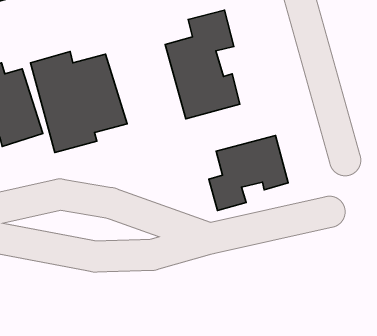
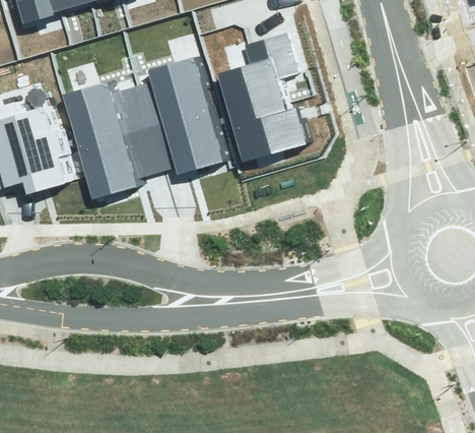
building: none -> [144,53,229,176]
building: [209,136,288,211] -> none

